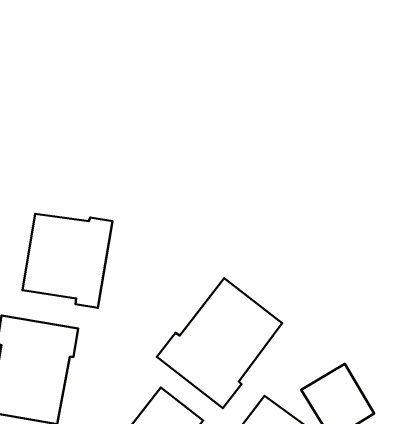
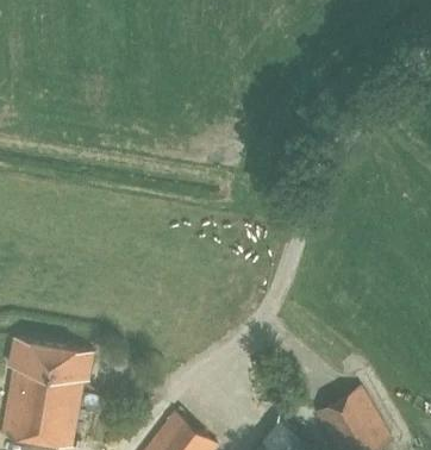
building: [22,214,112,308] -> none
building: [157,278,282,408] -> none

